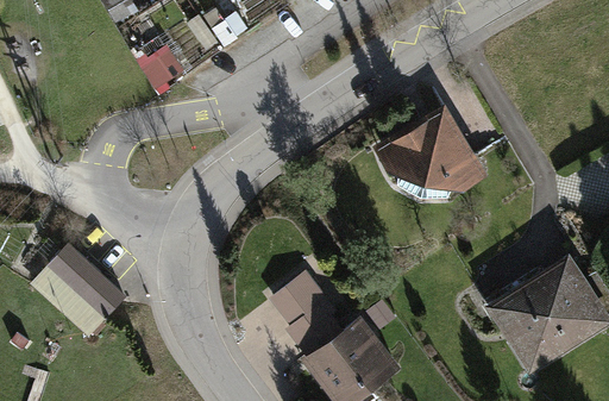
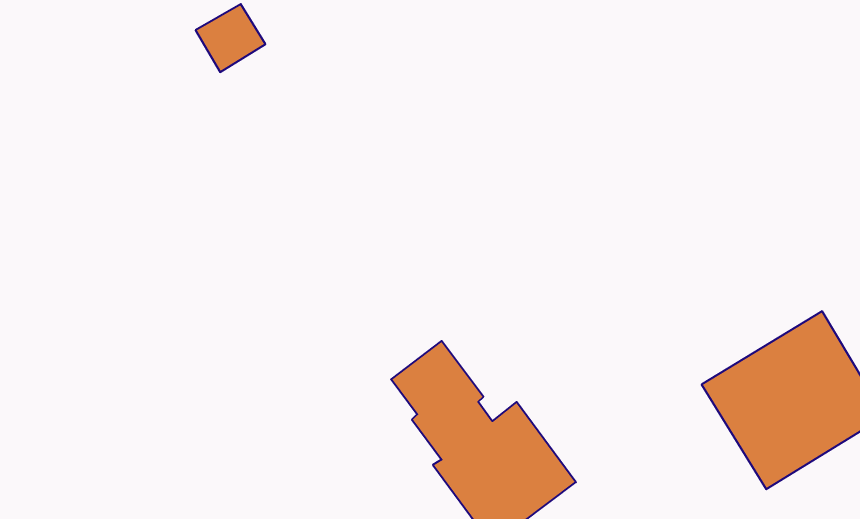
building: [370,105,483,188] -> none
building: [32,248,121,336] -> none

